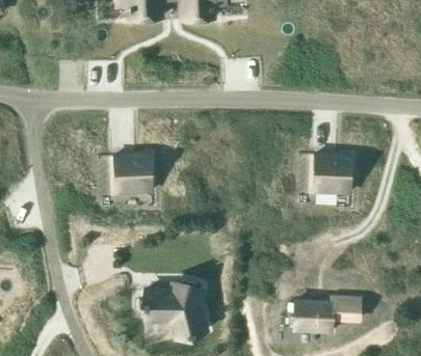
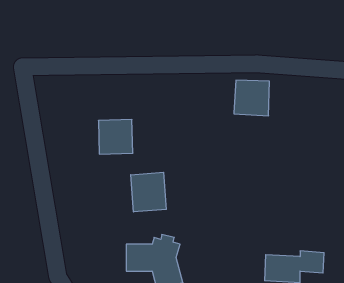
building: [314,155,352,193] -> [234,80,269,116]
building: none -> [131,172,166,212]

